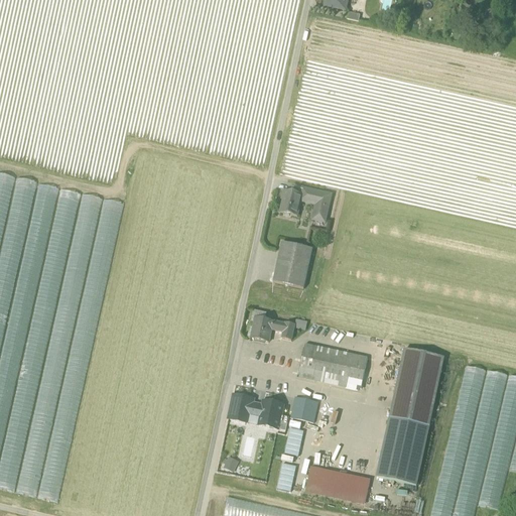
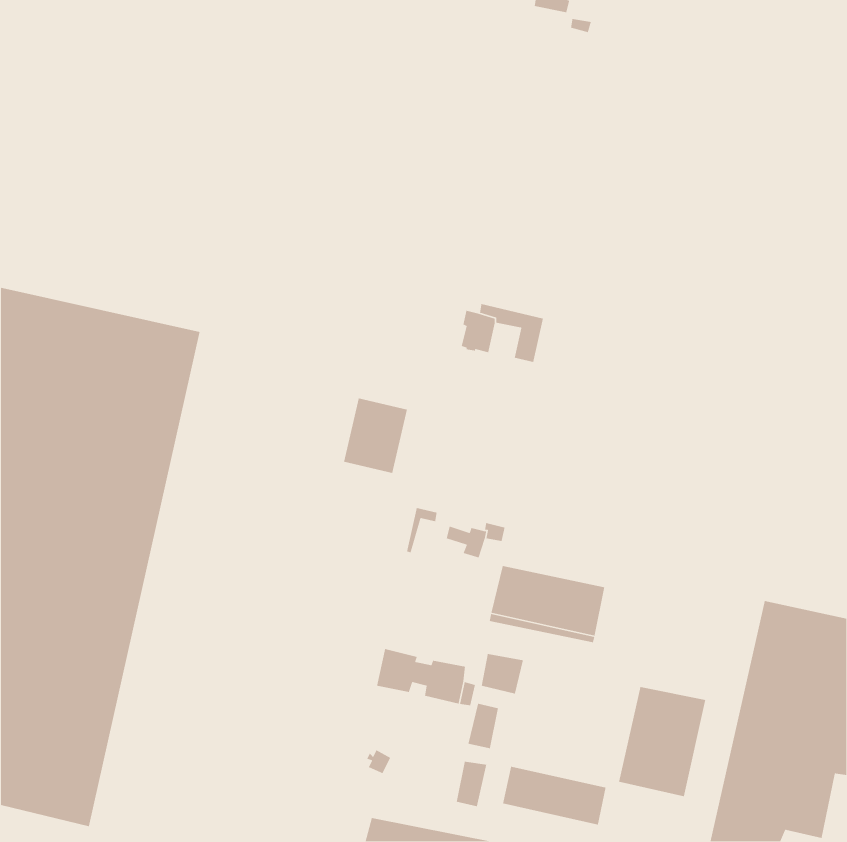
building: [273,241,312,287] -> [343,398,408,474]
building: [250,315,273,341] -> none
building: [389,348,444,425] -> none

